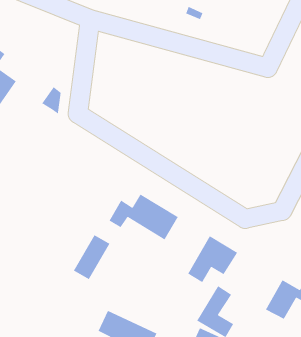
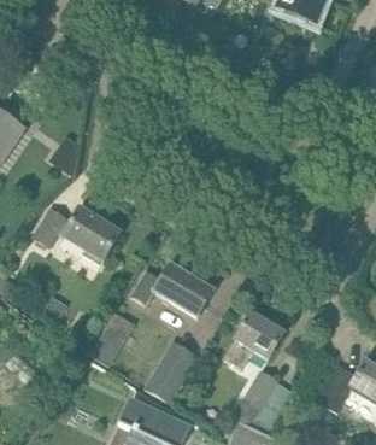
building: none -> [34,207,119,264]
building: none -> [145,340,199,403]

